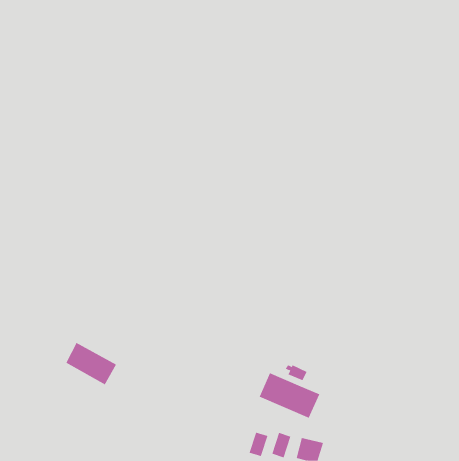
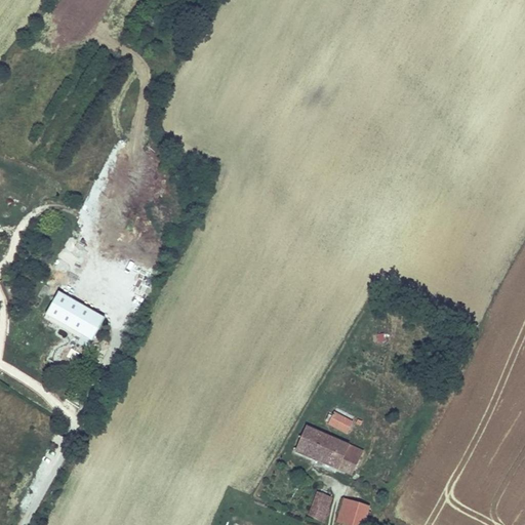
building: [65,342,117,385] -> [45,290,104,339]
building: [249,432,268,457] -> none

